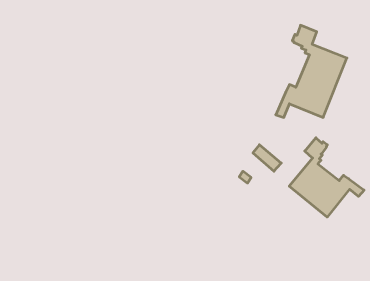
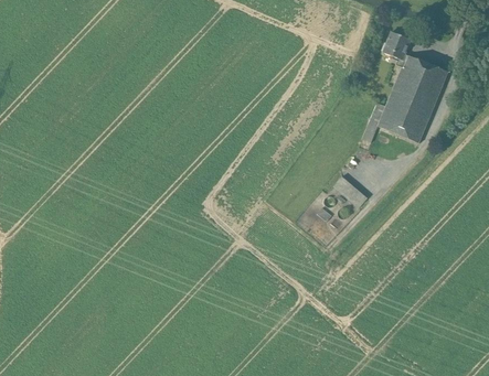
building: [289,138,364,217] -> none

